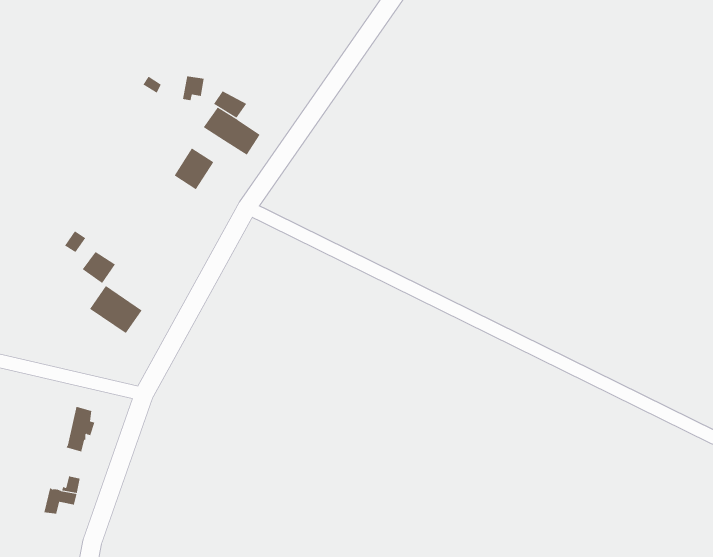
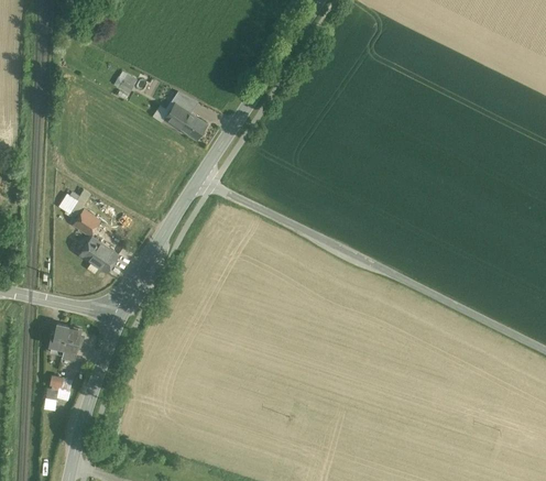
building: [174,148,214,190] -> none
building: none -> [48,323,69,354]

